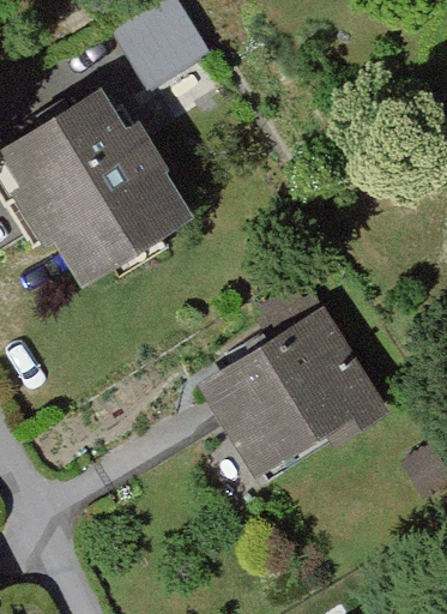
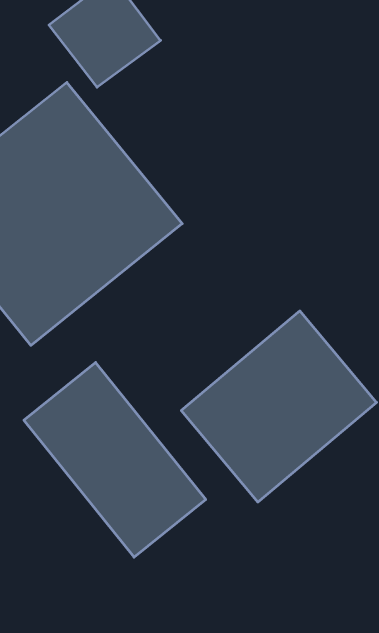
building: none -> [24,362,206,557]

